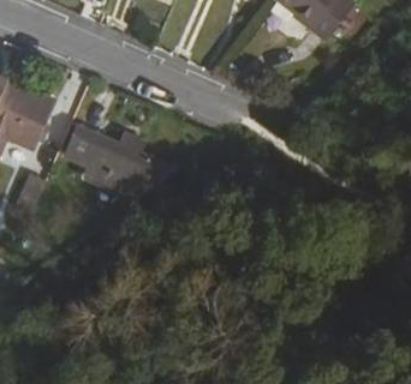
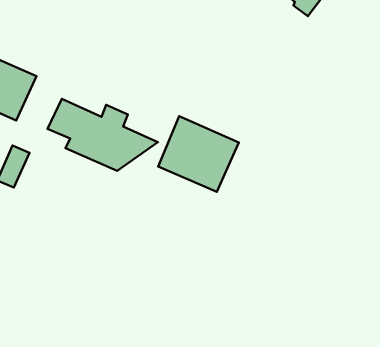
building: none -> [158,116,239,192]

